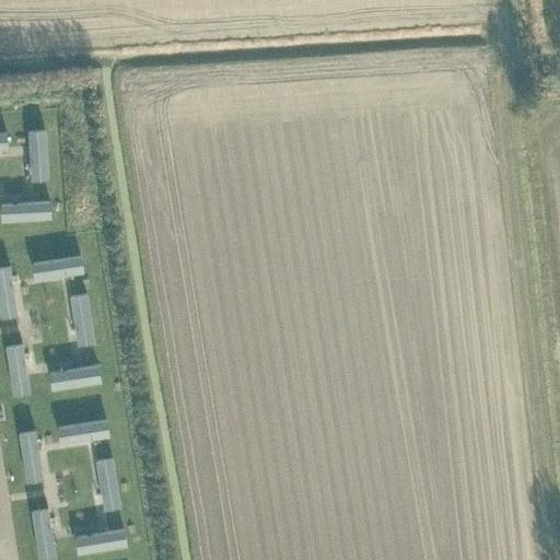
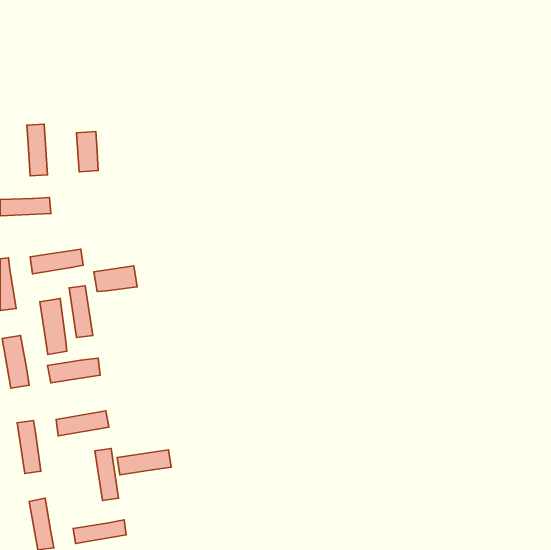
building: none -> [77,132,98,172]
building: none -> [94,266,137,292]
building: none -> [40,298,67,354]
building: none -> [117,450,171,475]

